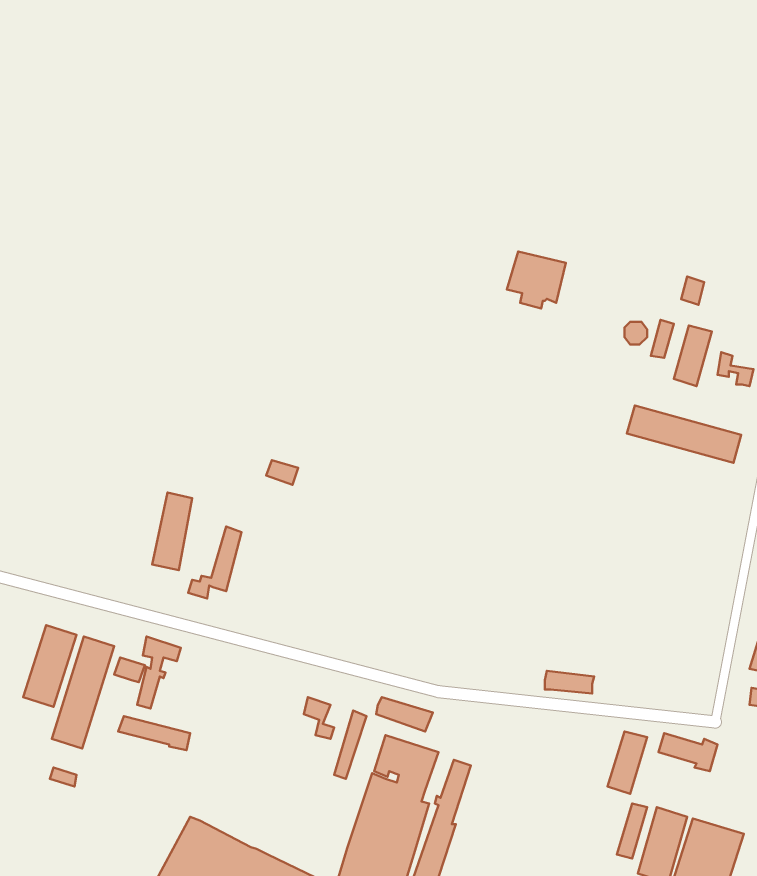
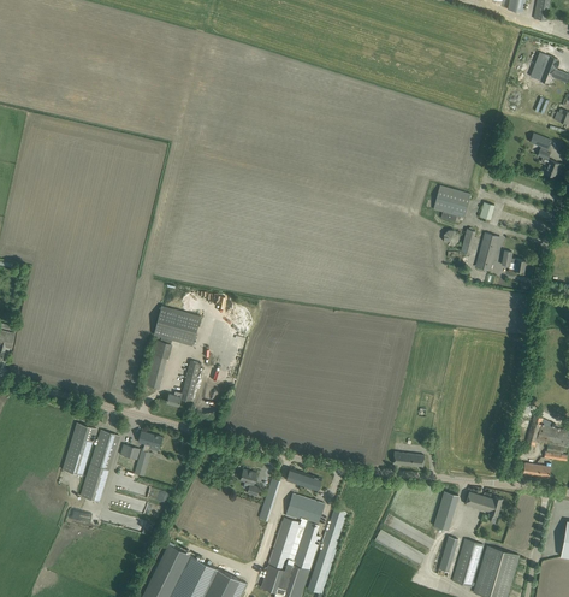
building: [507,252,566,308] -> [433,185,470,221]
building: [627,405,741,463] -> none
building: none -> [154,305,201,344]

